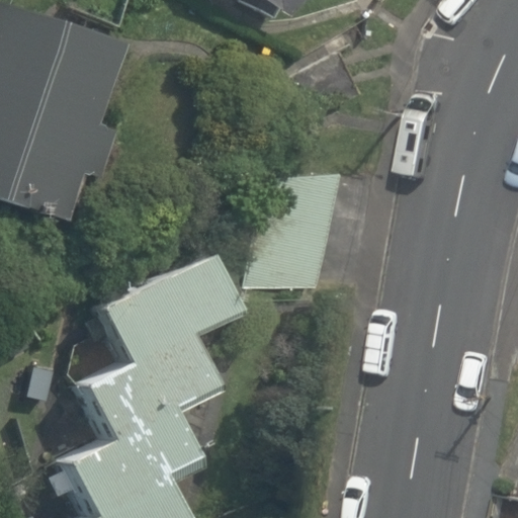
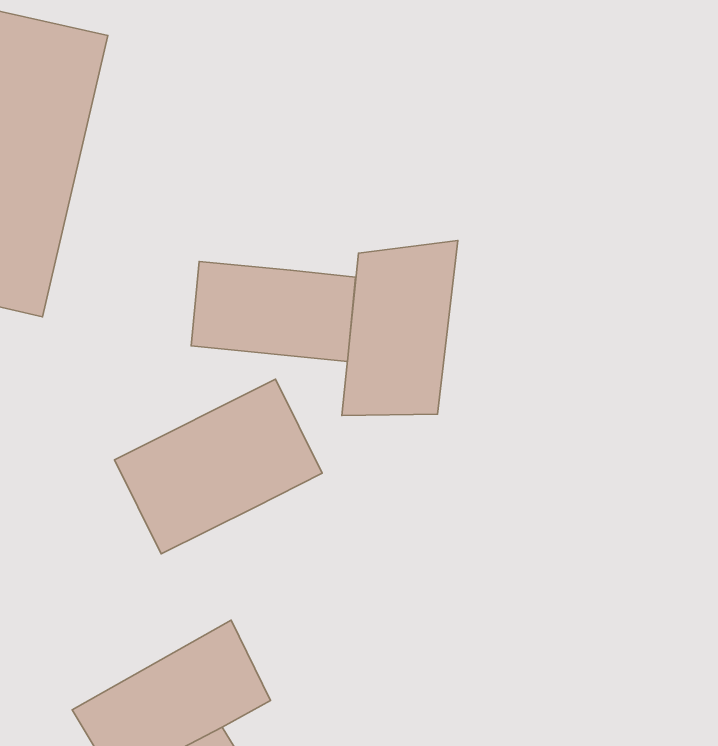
building: none -> [191,261,356,361]
building: [84,344,215,445] -> none

